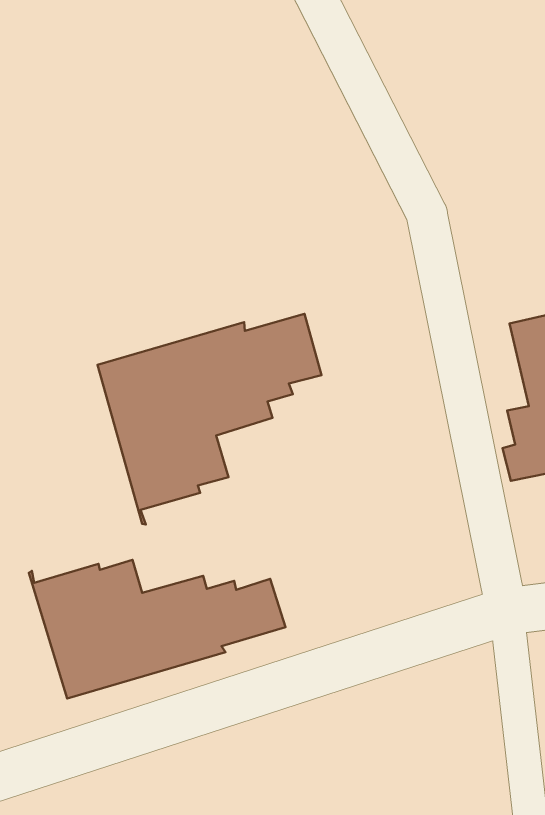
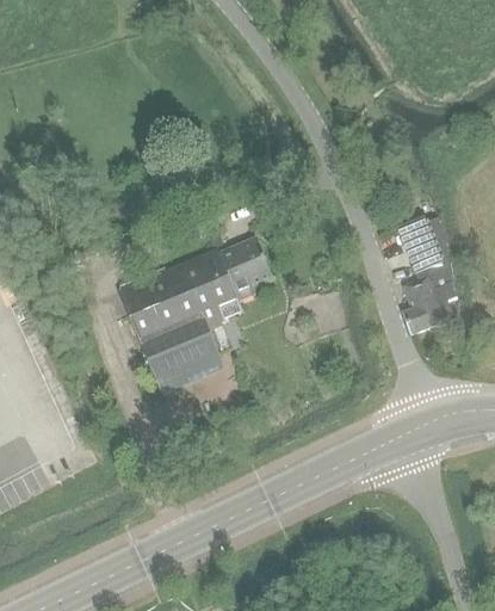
building: [29,560,286,698] -> none

